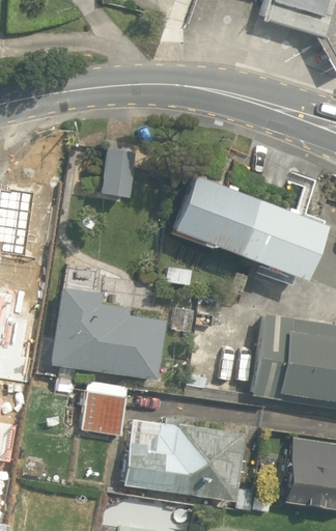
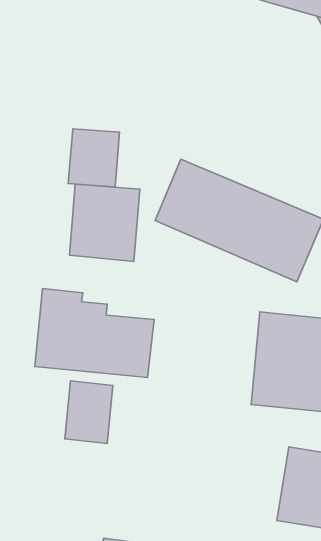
building: none -> [70,184,140,261]
building: [121,419,242,501] -> none

